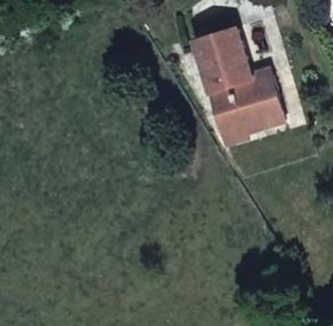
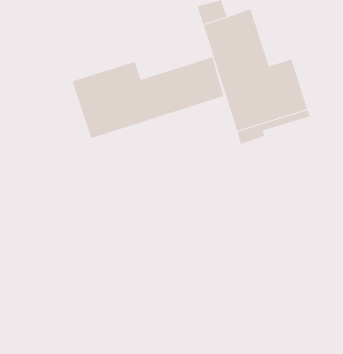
building: none -> [72,57,224,139]

